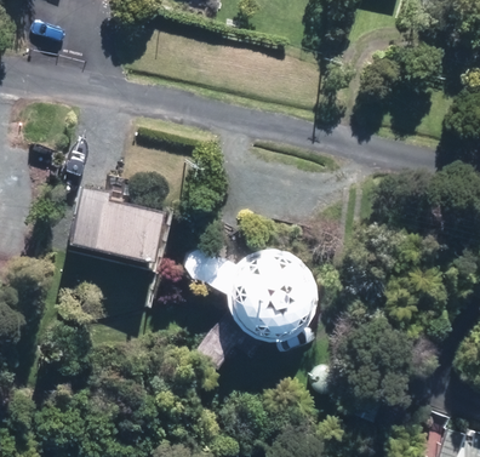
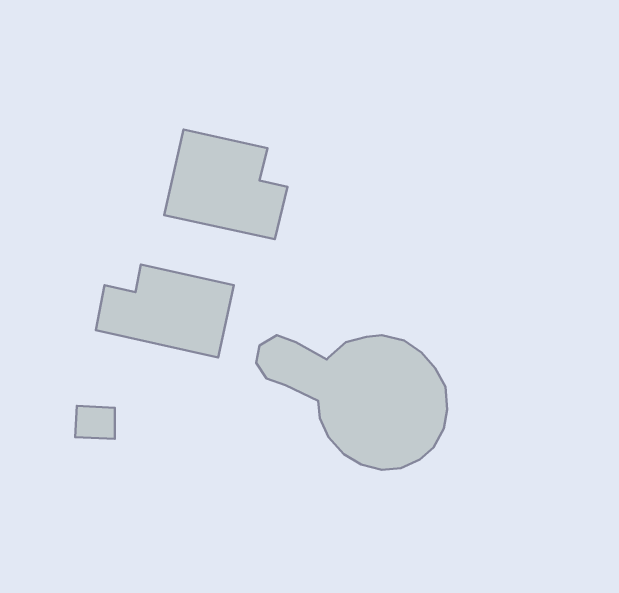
building: none -> [164,130,288,239]

